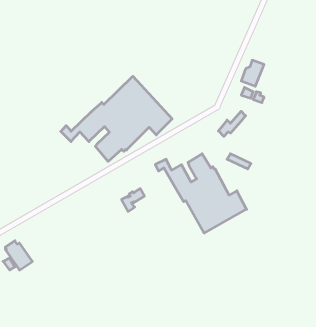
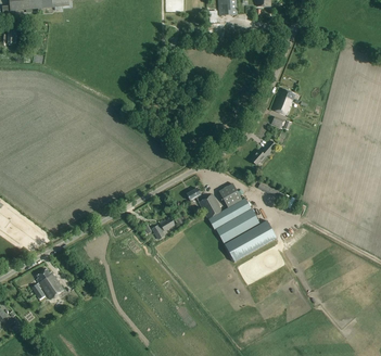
building: [61,76,172,161] -> none

